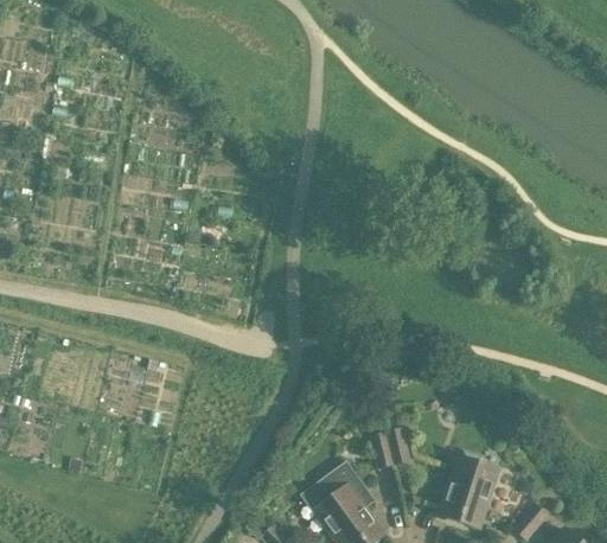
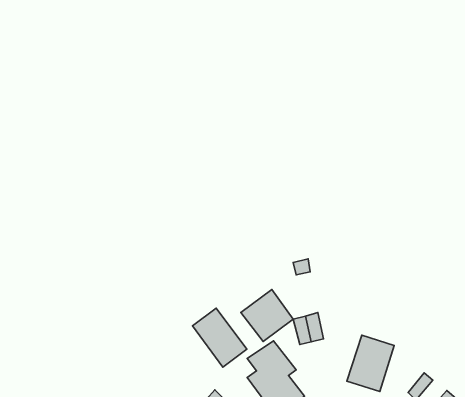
building: none -> [241,289,293,342]
building: none -> [193,308,247,367]

